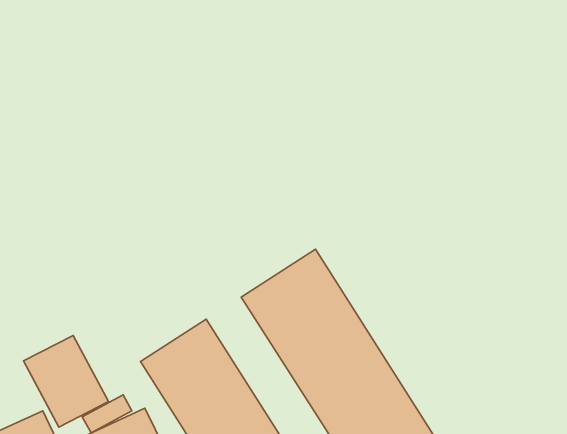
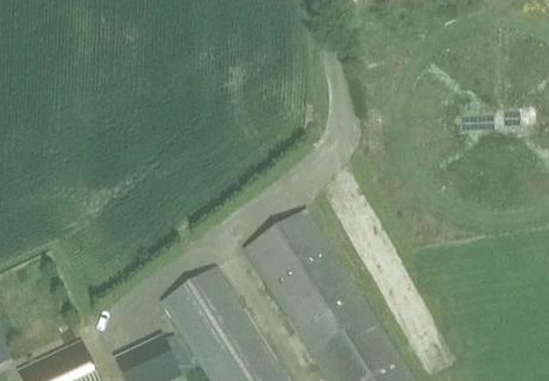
building: [24,335,108,427] -> none

